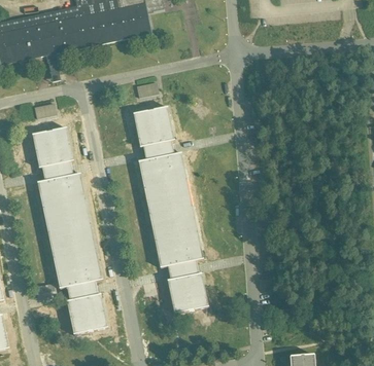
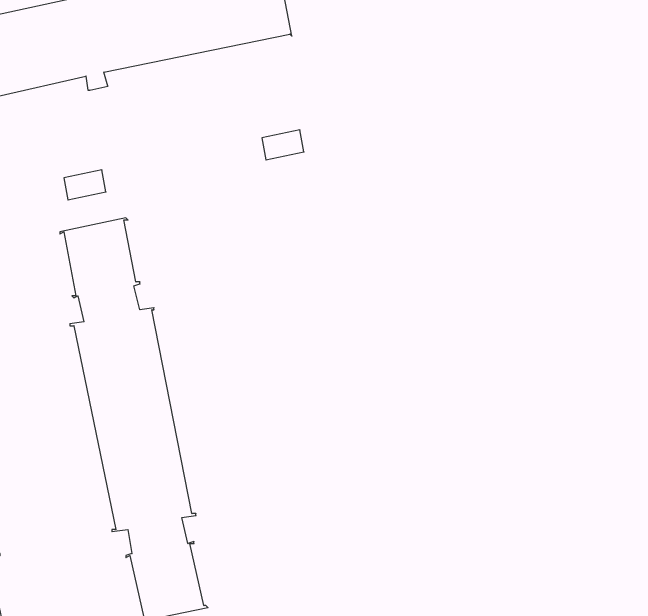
building: [134,106,209,313] -> none

